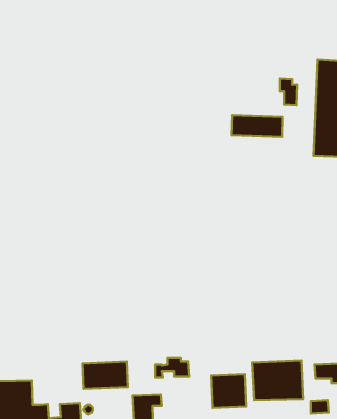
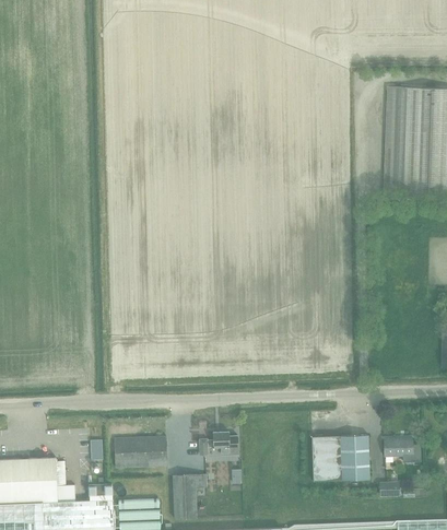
building: [280,78,297,105] -> none
building: [232,115,283,137] -> none
building: [211,374,246,408] -> none

